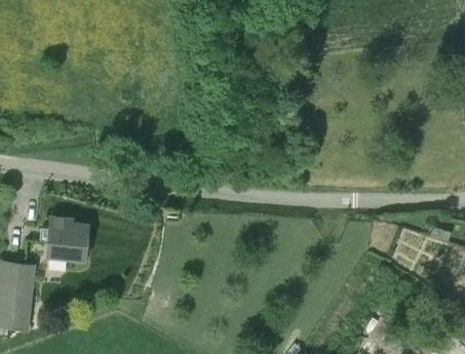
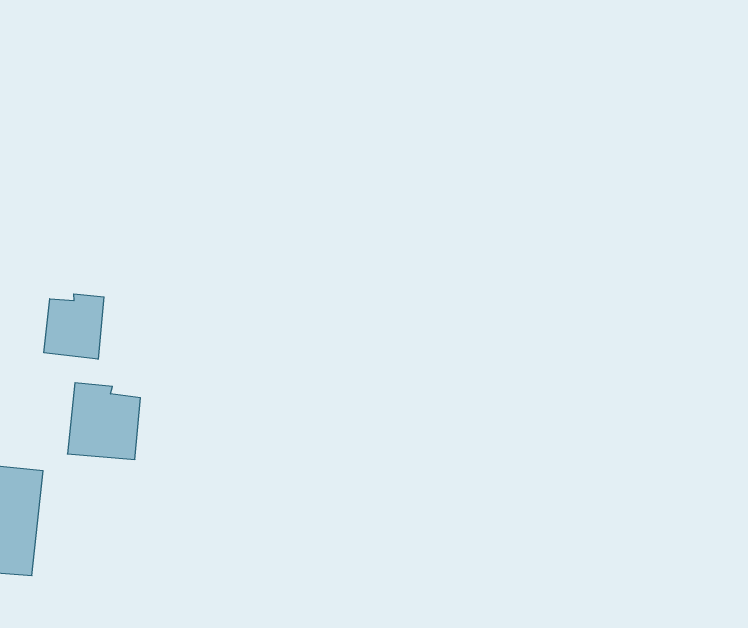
building: none -> [44,294,104,359]

